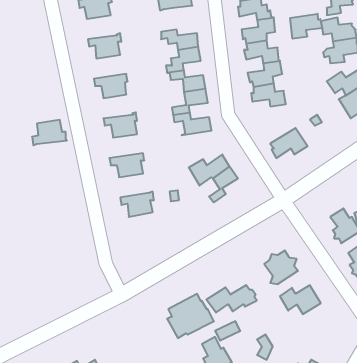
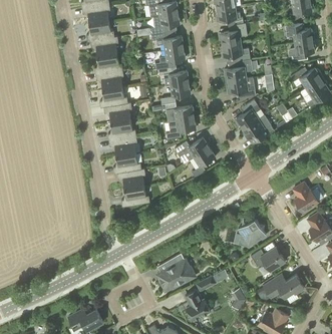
building: none -> [150,13,180,35]
building: [290,14,322,39] -> none
building: none -> [86,21,114,42]
building: none -> [94,54,122,74]
building: none -> [235,99,264,128]
building: [32,120,67,145] -> [99,87,128,108]
building: none -> [167,117,196,139]
building: none -> [107,120,136,140]
building: none -> [113,153,141,175]
building: none -> [121,186,149,207]
building: [206,285,257,313] -> [263,275,305,298]

